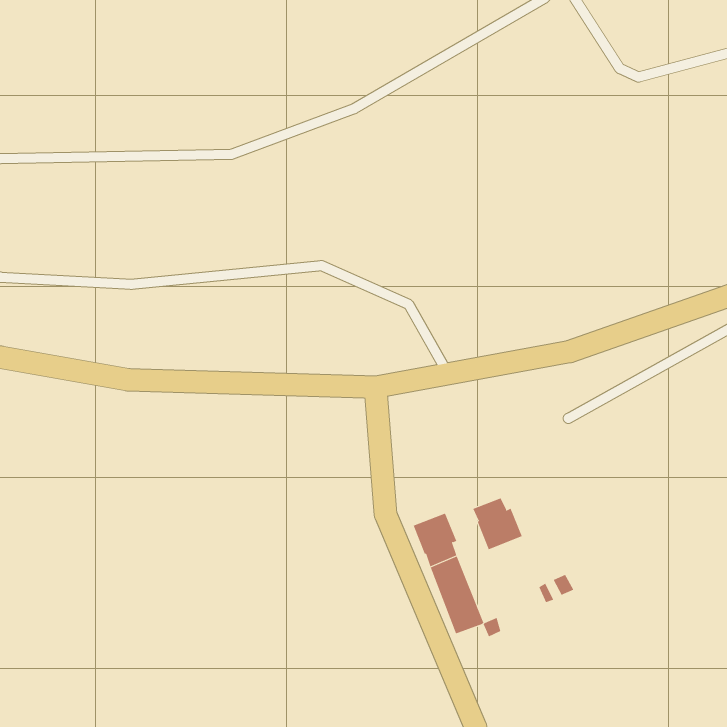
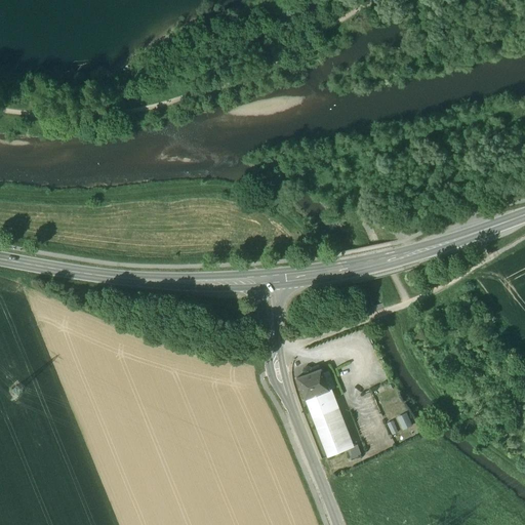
building: [472,498,522,550] -> none

